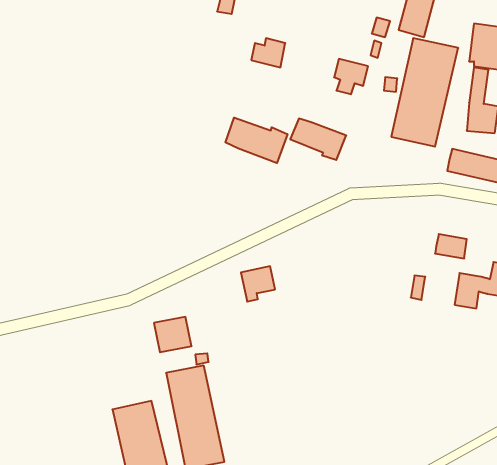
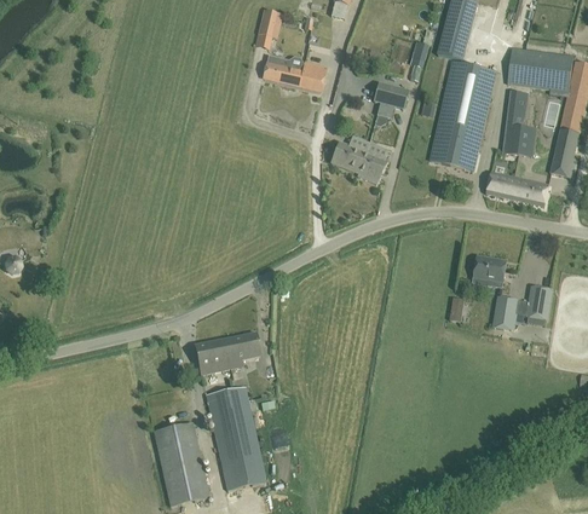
building: none -> [261,54,294,83]
building: [225,118,287,163] -> none
building: [241,266,275,302] -> [225,333,259,368]

